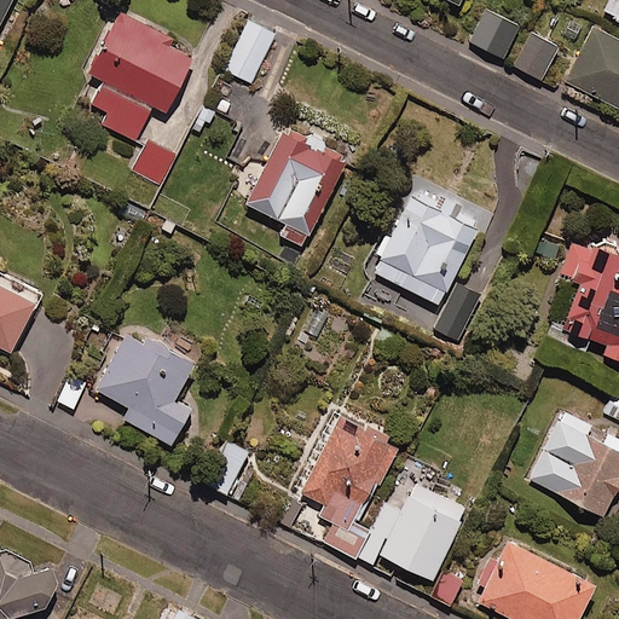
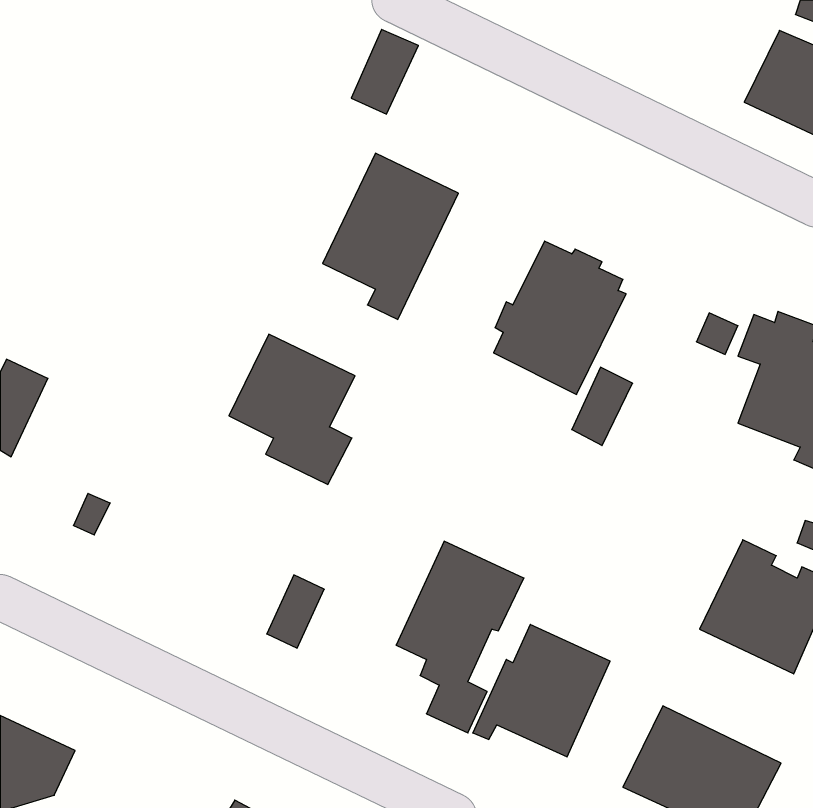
building: [470,11,520,60] -> none
building: [88,12,191,144] -> none
building: [226,23,277,87] -> [351,29,418,114]
building: [514,34,559,82] -> none
building: [96,330,191,444] -> [229,334,355,484]

